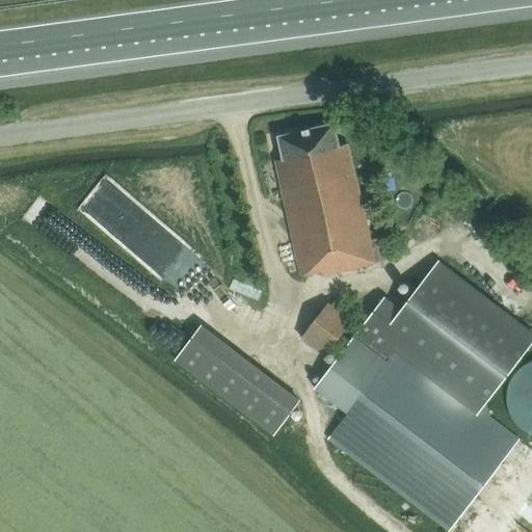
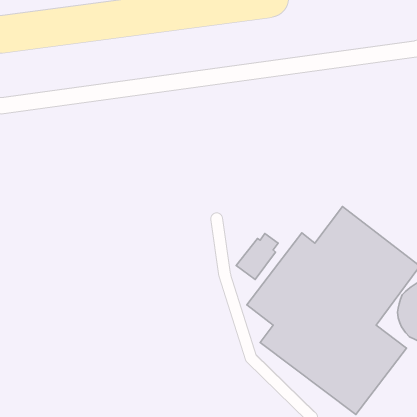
building: [274,123,393,275] -> none
building: [177,330,304,442] -> none

